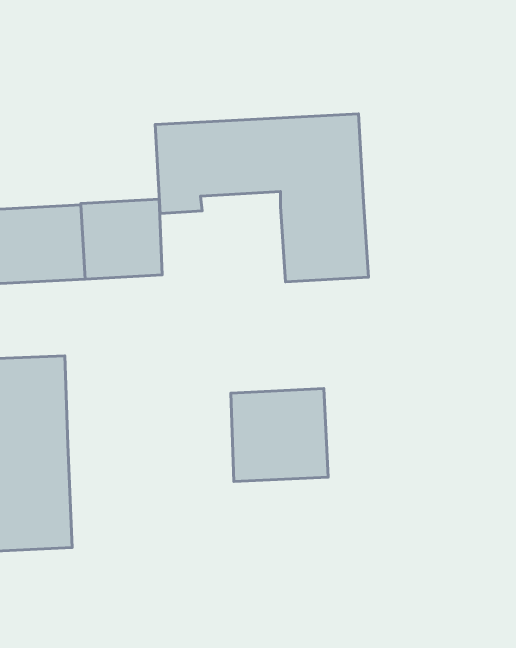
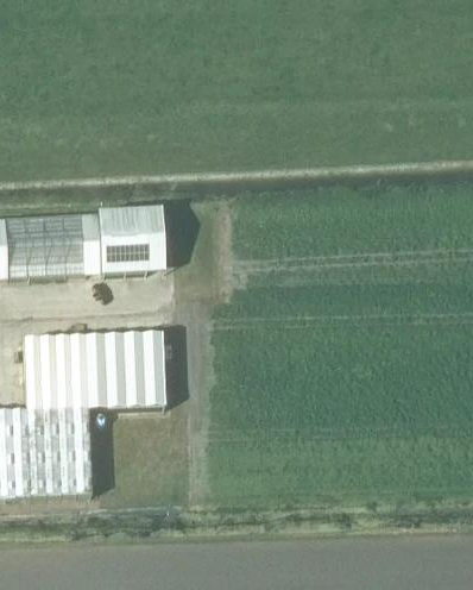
building: [155,114,368,282] -> none
building: [231,389,328,482] -> [86,331,165,407]

